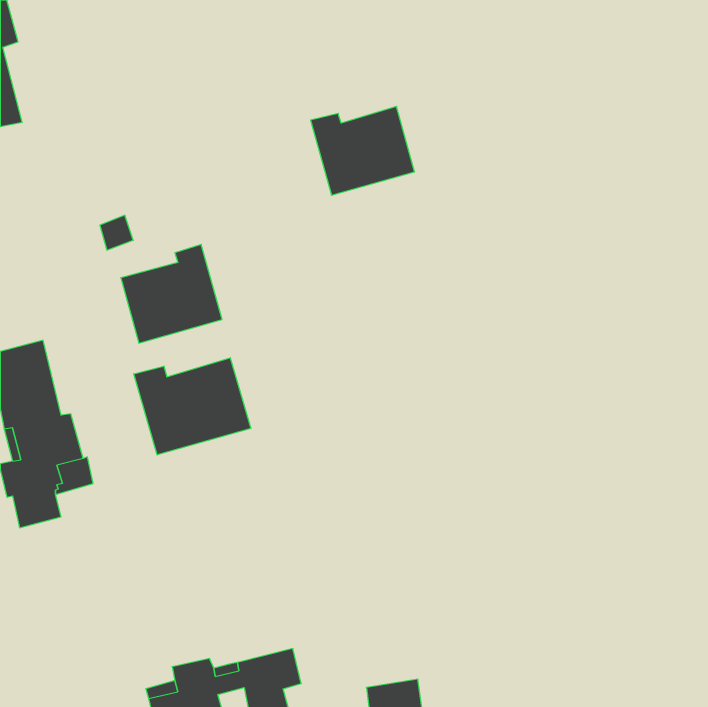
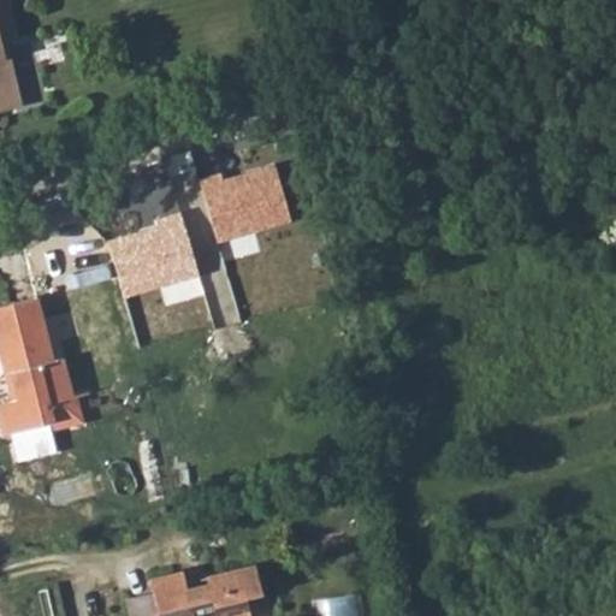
building: [311,106,415,195] -> [195,170,285,247]
building: [134,358,251,455] -> none

